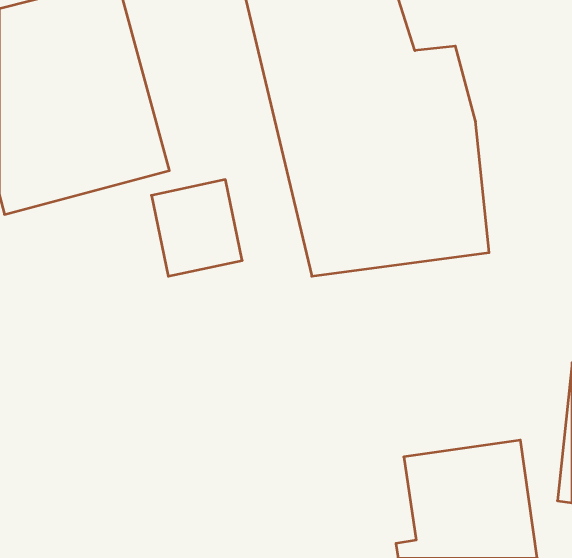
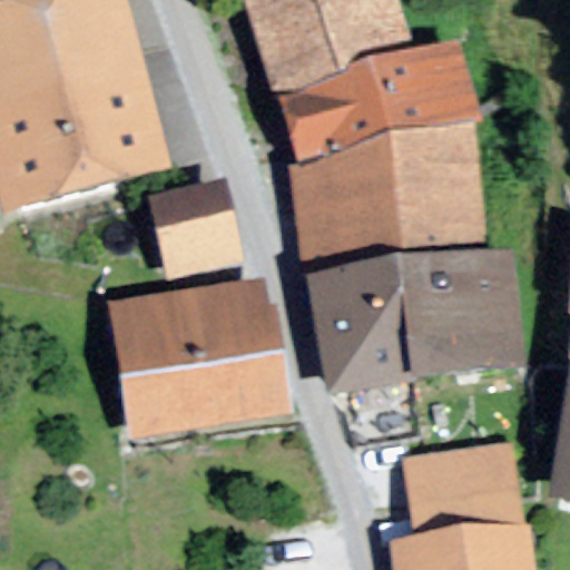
building: none -> [314,254,523,399]
building: none -> [108,276,287,438]

